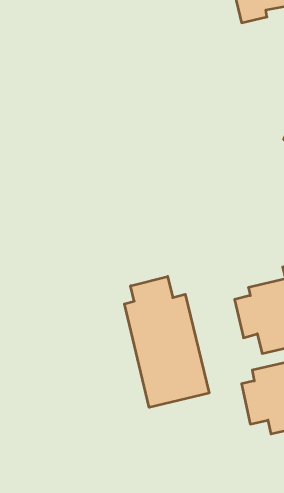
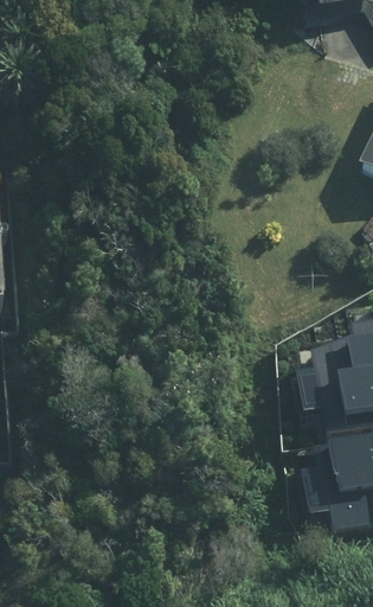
building: [124,276,209,407] -> none

